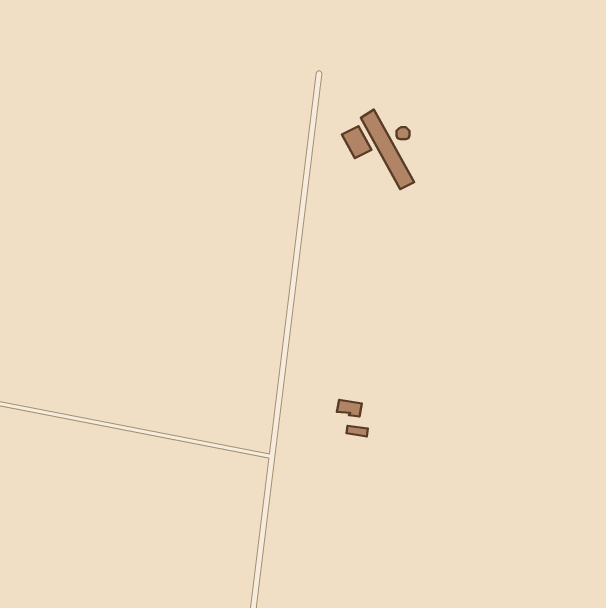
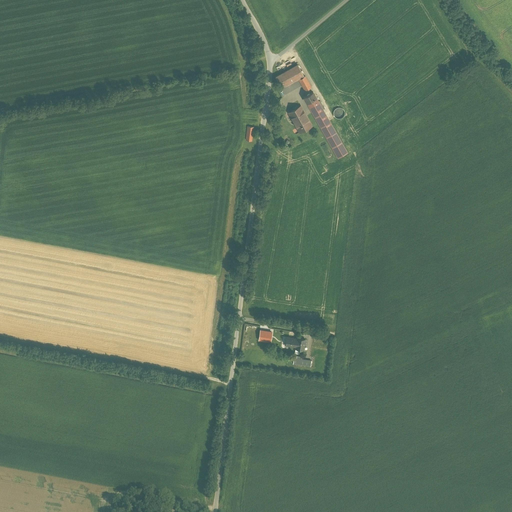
building: none -> [275,65,310,92]

